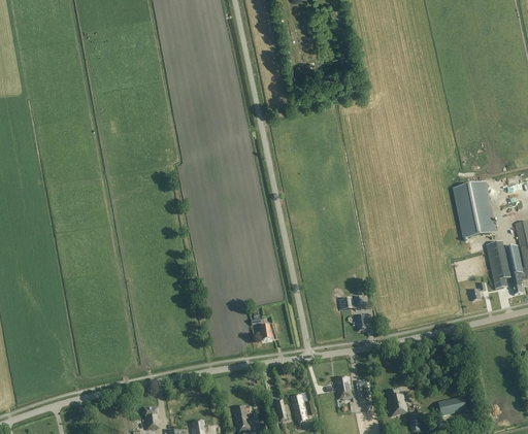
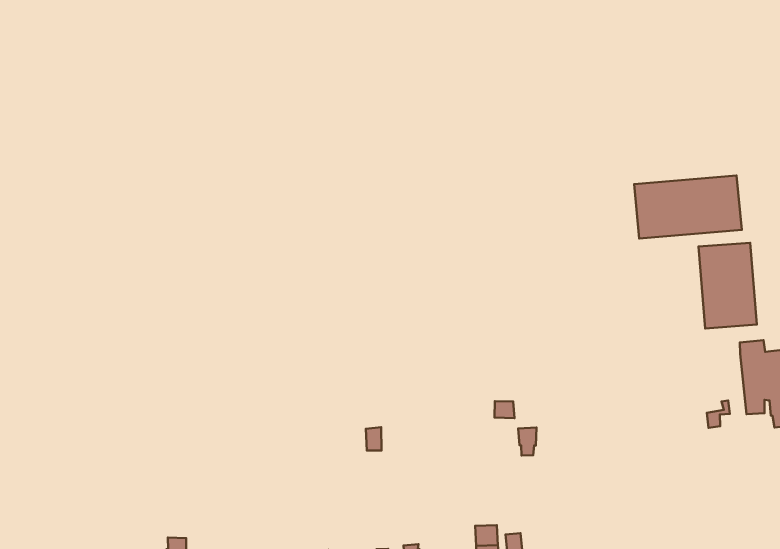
building: none -> [634,176,742,239]

